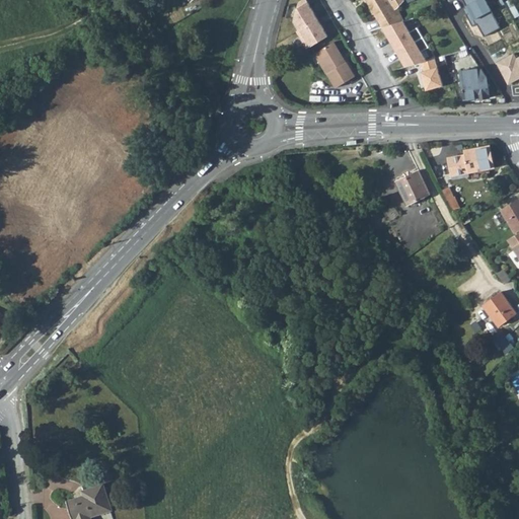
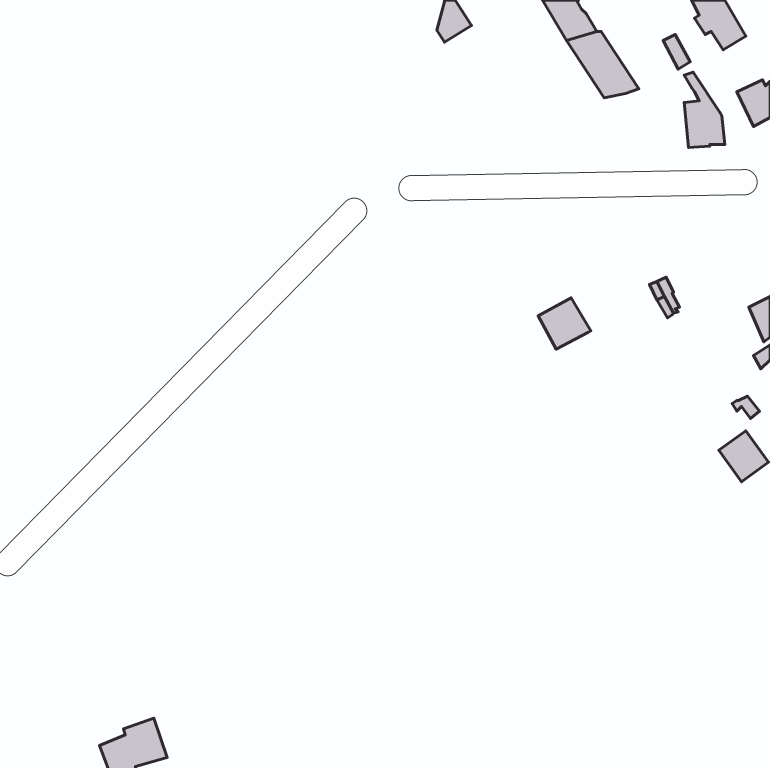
building: [297,18,327,49] -> none
building: [313,44,354,89] -> none
building: [421,60,442,91] -> none
building: [447,146,493,176] -> none
building: [396,171,432,206] -> [538,298,591,349]

